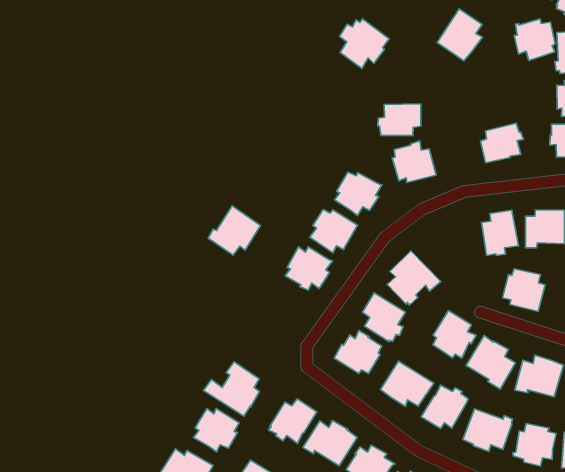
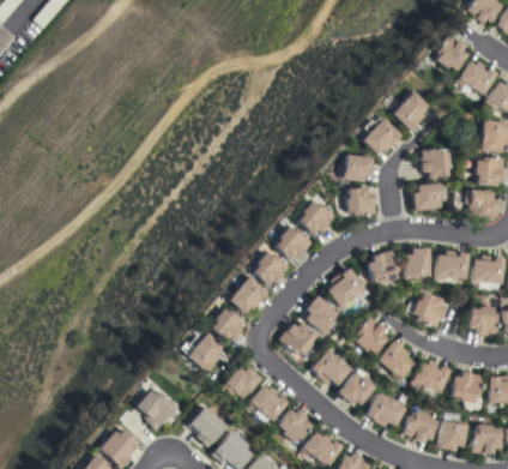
building: [514,19,555,60] -> [421,149,450,179]
building: [339,19,389,68] -> [362,118,400,155]
building: [208,206,261,255] -> [226,276,267,313]
building: none -> [368,249,399,283]
building: [193,408,239,452] -> [208,308,244,342]

